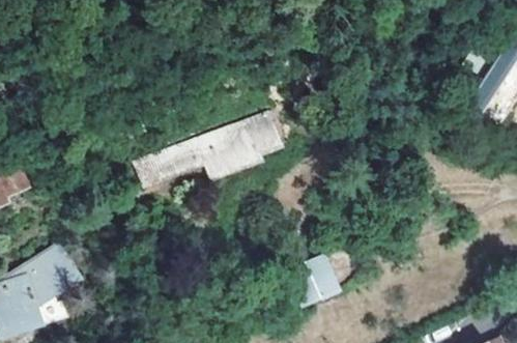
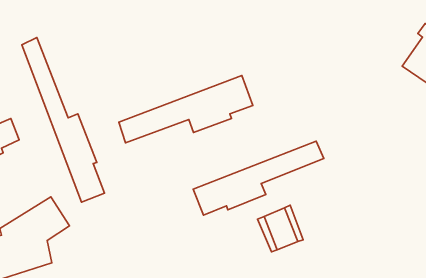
building: none -> [22,37,105,202]
building: none -> [193,141,324,215]

